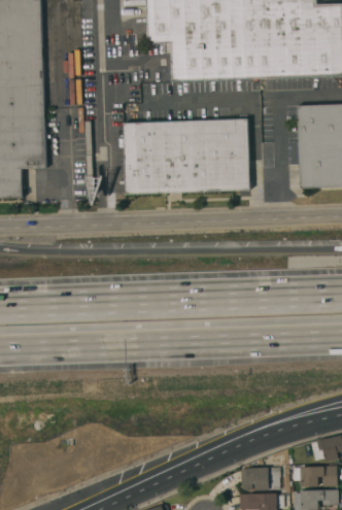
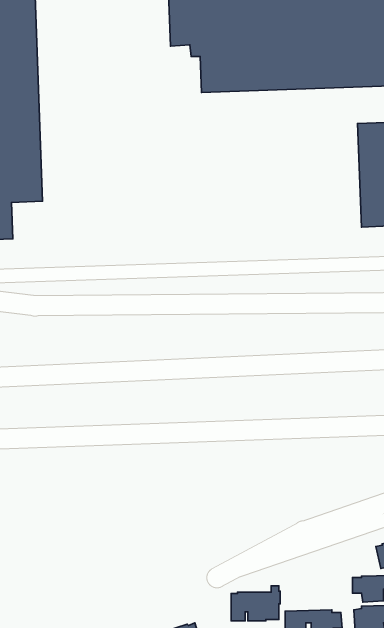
building: [124,114,250,193] -> none
building: [242,462,281,489] -> [231,586,280,621]

